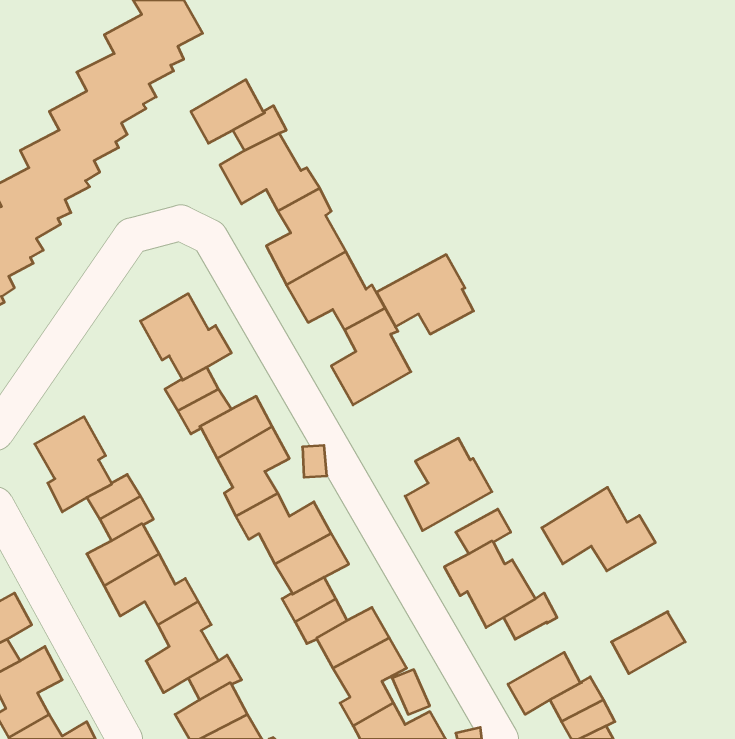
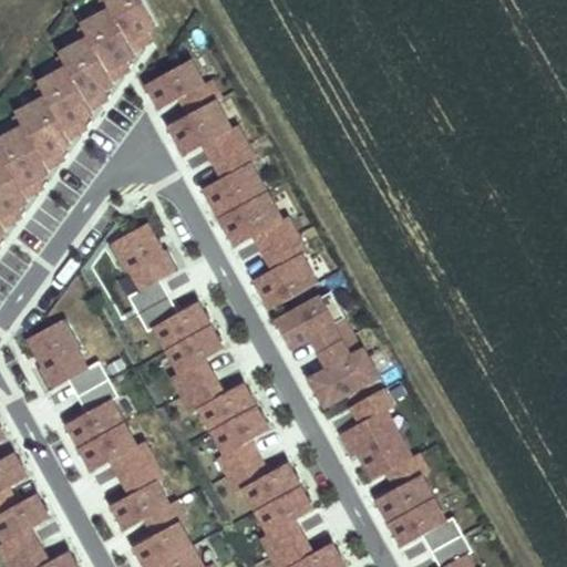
building: [377,255,474,334] -> [277,292,351,353]
building: [542,487,655,571] -> none
building: [611,612,685,674] -> [375,476,432,524]

